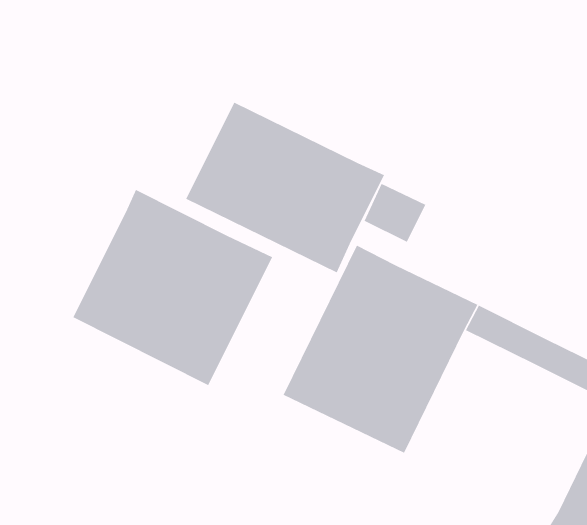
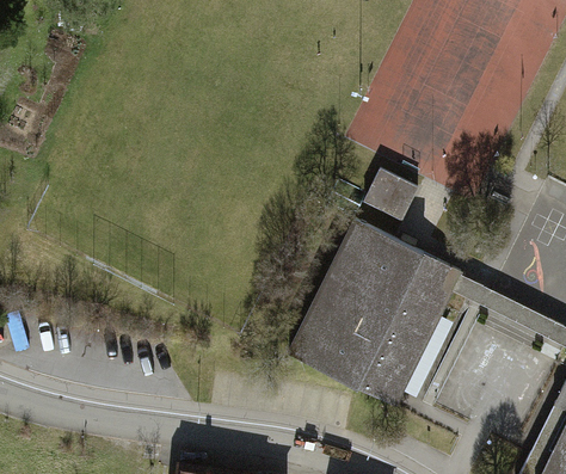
building: [185,102,385,273] -> none
building: [72,189,273,386] -> none

